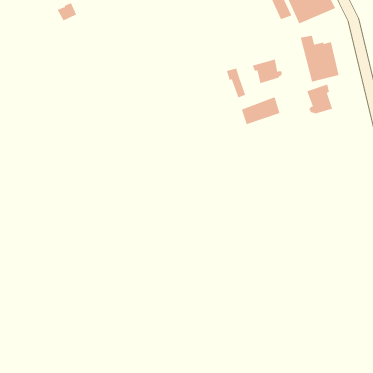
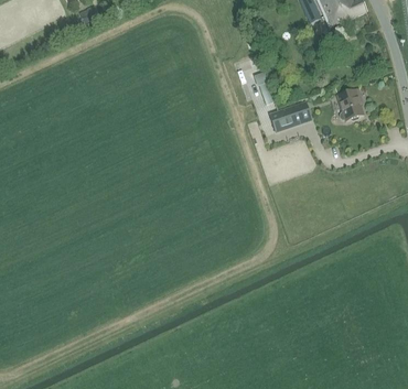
building: [300,35,340,83] -> none
building: [252,59,283,84] -> none

